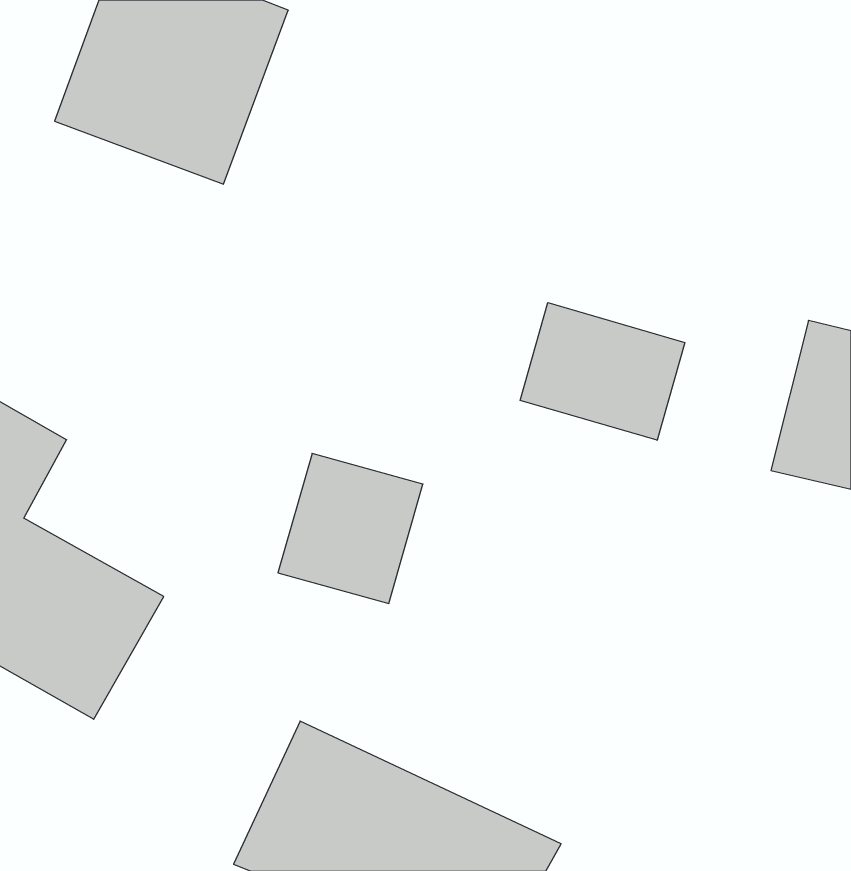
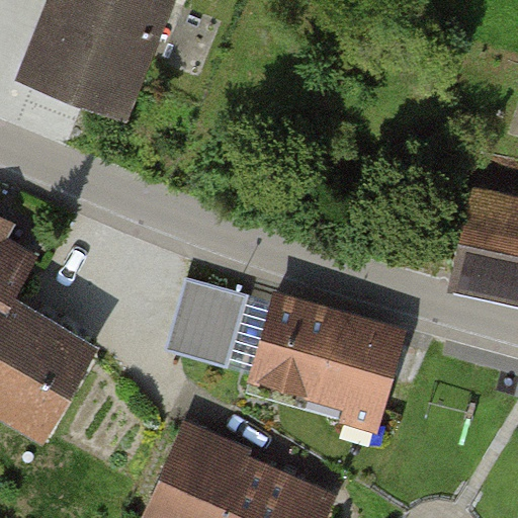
building: [520,303,685,440] -> none
building: none -> [245,293,404,417]

